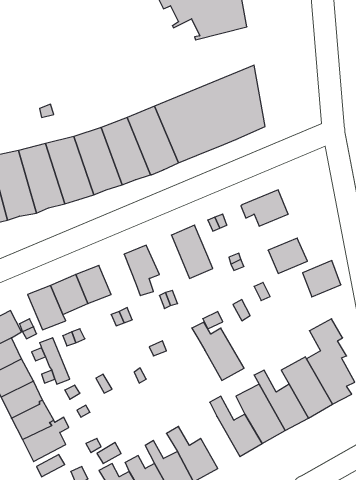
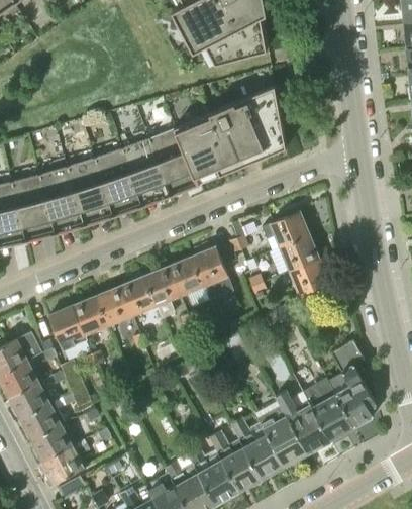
building: none -> [166,257,209,307]
building: none -> [118,276,156,316]
building: [303,261,341,297] -> [279,235,317,272]
building: [192,322,244,380] -> [207,432,260,491]

